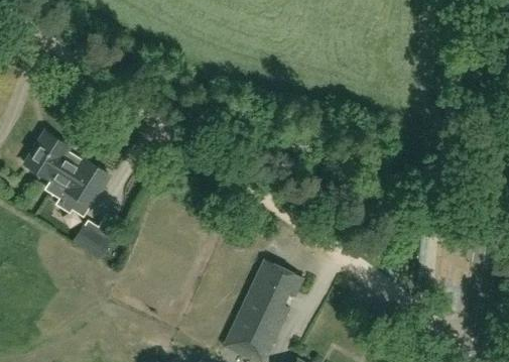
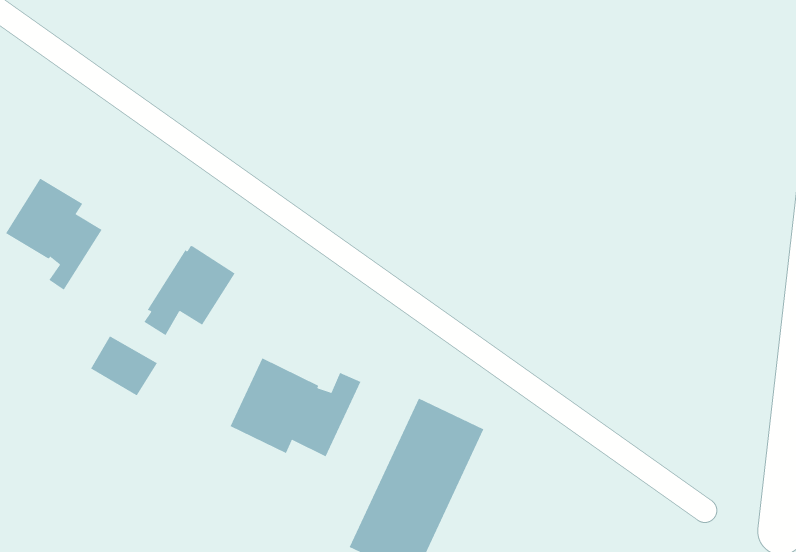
building: [55,160,109,213] -> [143,246,235,336]
building: none -> [230,357,361,457]

